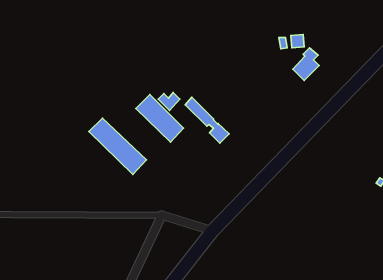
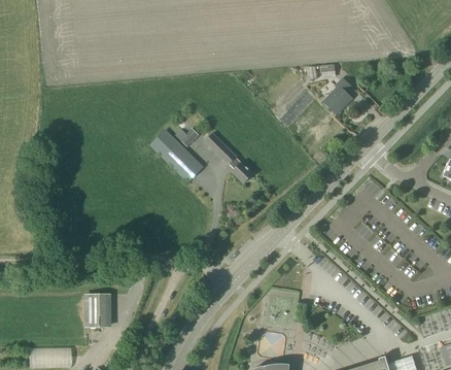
building: [89,118,147,174] -> none
building: none -> [84,293,111,327]

